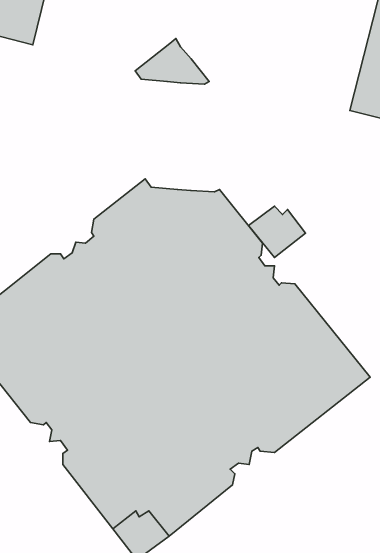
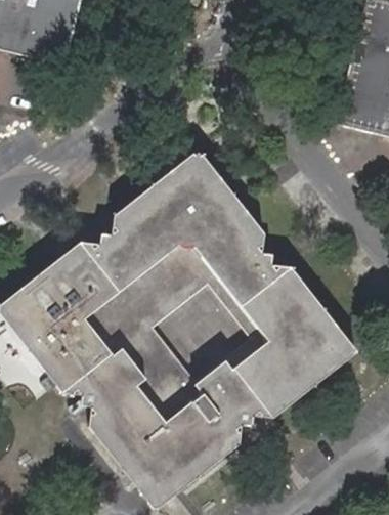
building: [135,39,209,84] -> [162,152,225,190]
building: [248,206,306,258] -> none

